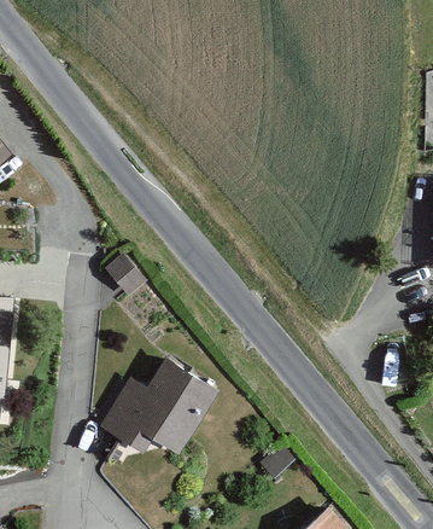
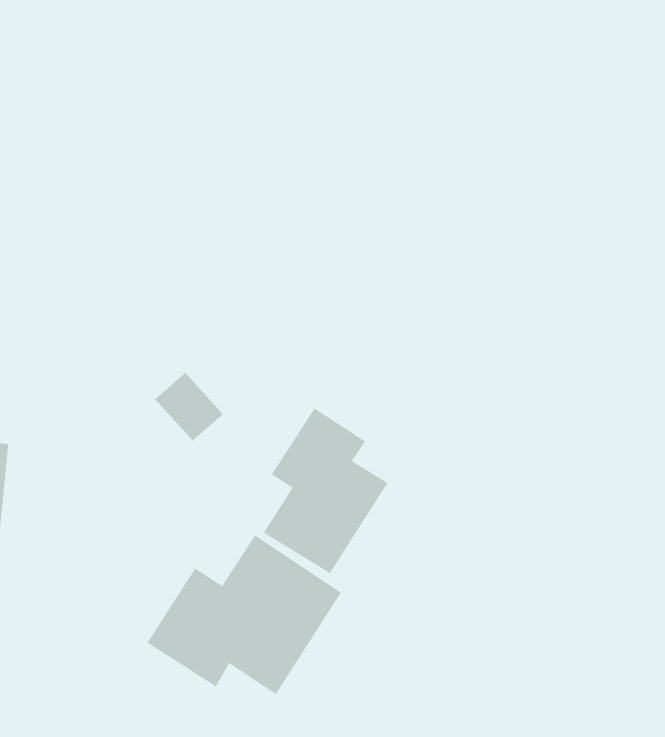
building: none -> [263,407,389,574]

